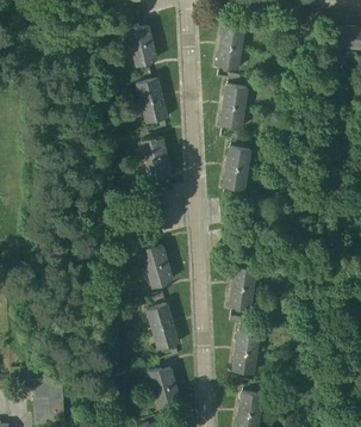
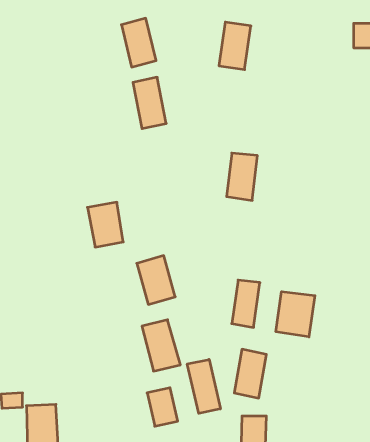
building: [218,85,248,129] -> none
building: [138,136,172,178] -> [87,202,123,247]
building: none -> [276,292,315,337]
building: none -> [187,359,220,413]

